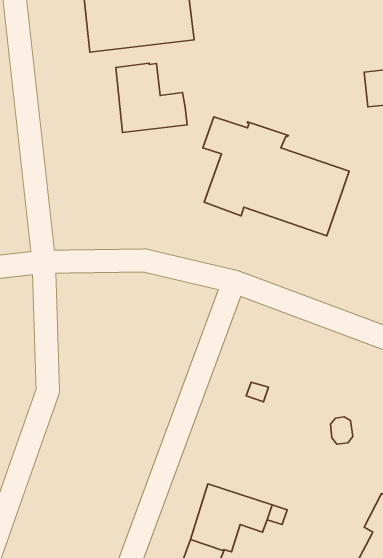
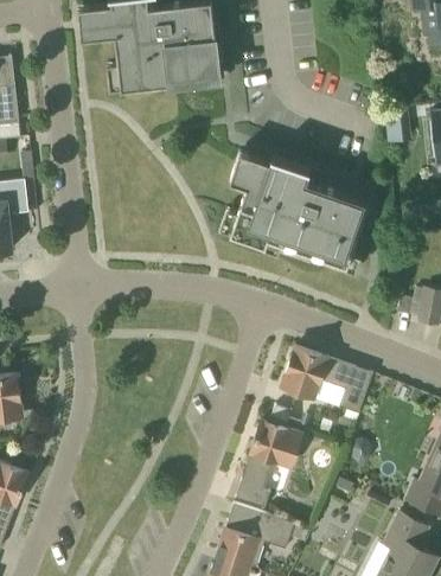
building: [116,63,187,132] -> none
building: none -> [281,345,373,412]
building: none -> [235,420,302,507]

